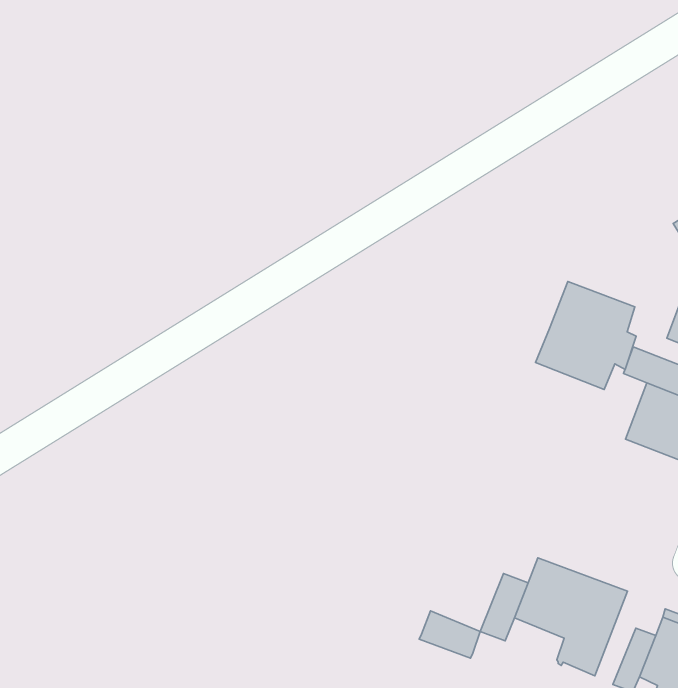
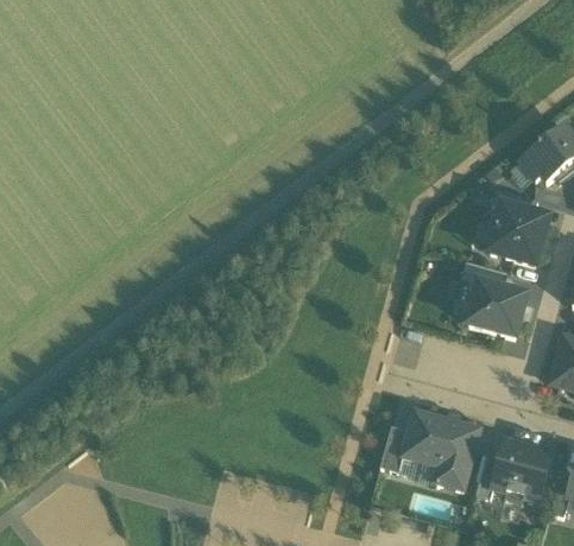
building: [536,281,636,389] -> none
building: [419,611,480,658] -> [397,455,439,484]

